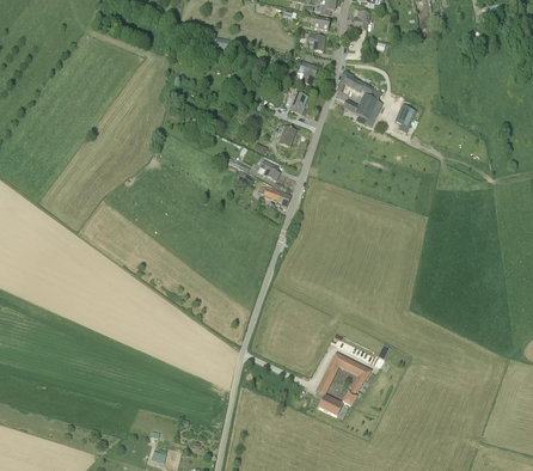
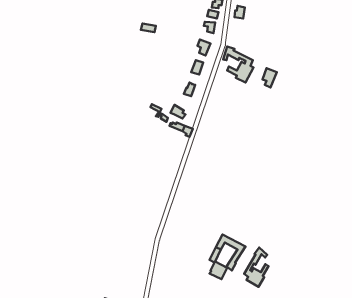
building: none -> [244,247,268,287]

